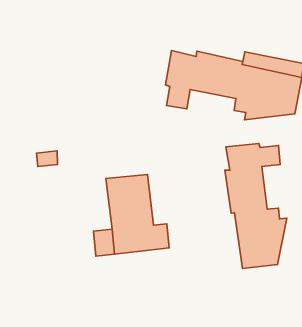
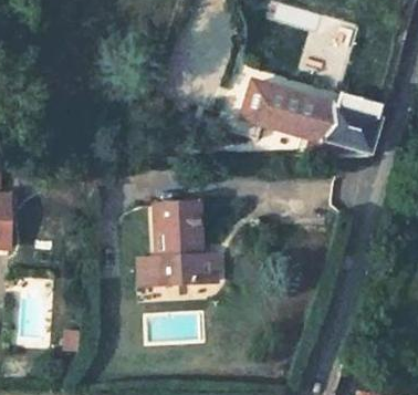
building: [225,143,287,269] -> none

